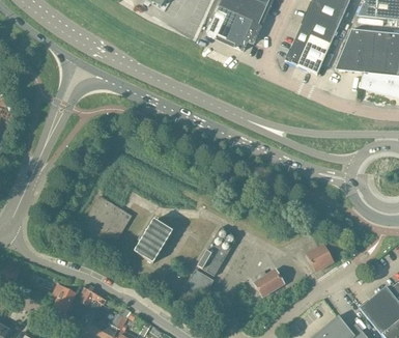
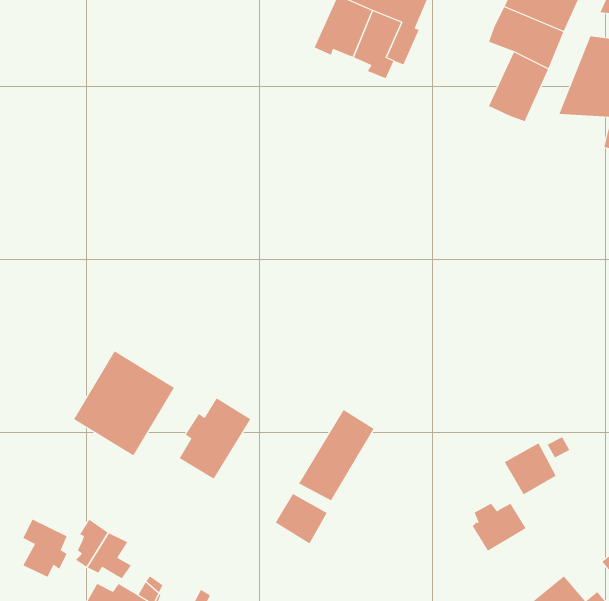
building: [284,31,311,65] -> none
building: [253,270,282,295] -> [472,503,527,552]

